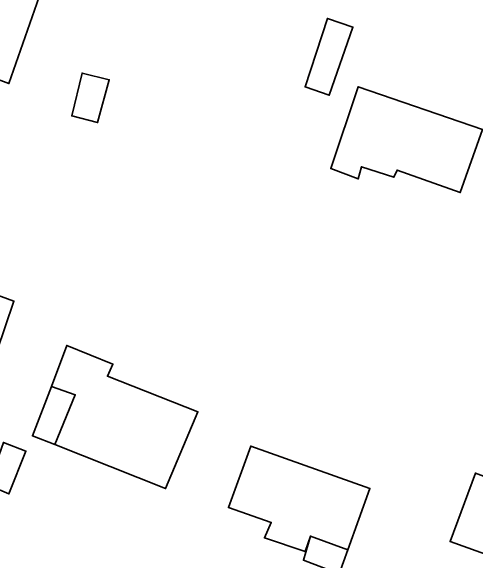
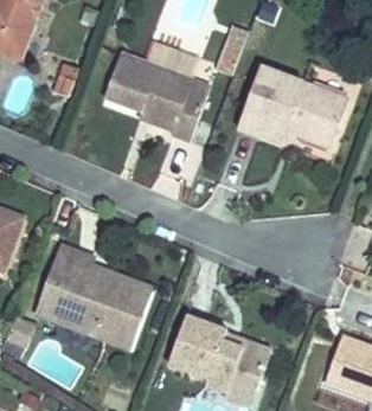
building: none -> [102,47,207,139]

